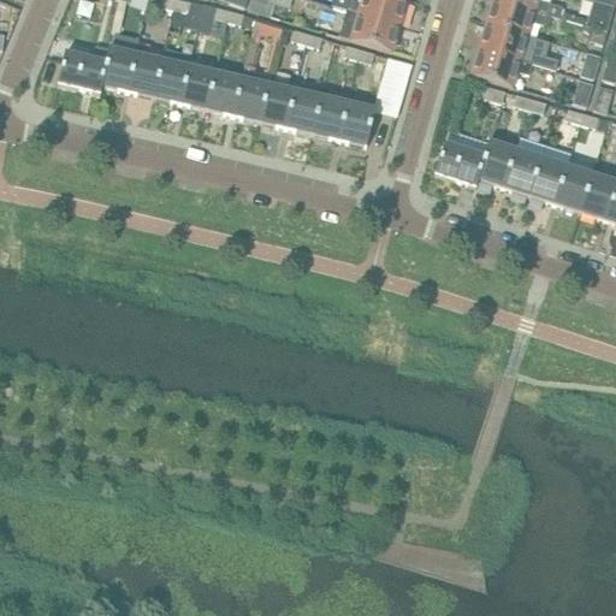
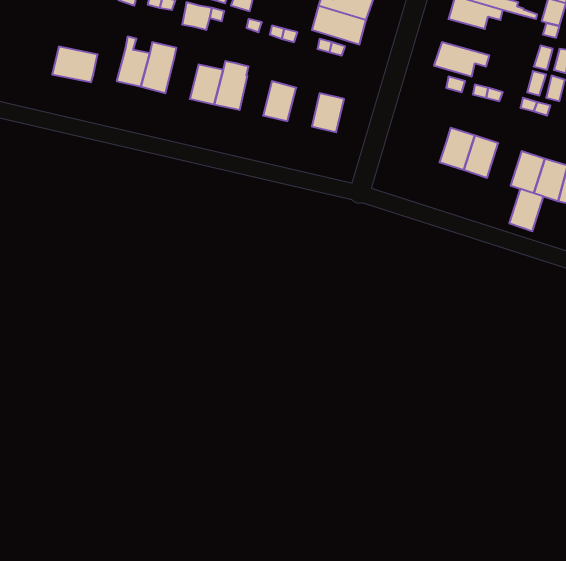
building: [480,20,559,67] -> none
building: [102,46,137,88] -> none
building: [374,53,413,112] -> none
building: [180,64,217,107] -> none
building: [261,82,296,125] -> none
building: [313,95,348,137] -> none
building: [436,141,485,183] -> none
building: [529,155,567,201] -> [509,189,544,231]

